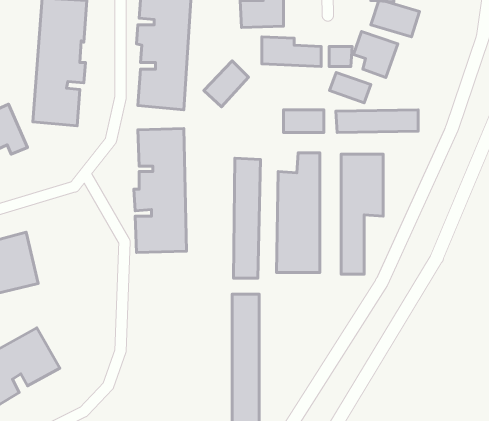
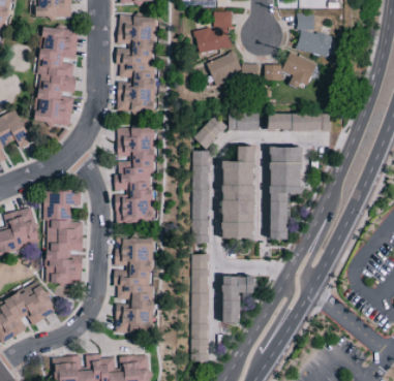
building: [204,61,248,107] -> [192,115,226,150]
building: [330,72,371,103] -> none
building: none -> [42,192,83,284]
building: none -> [114,237,153,332]
building: none -> [225,276,257,323]

